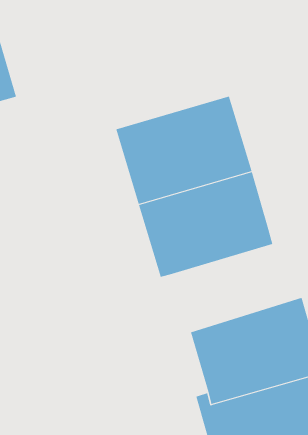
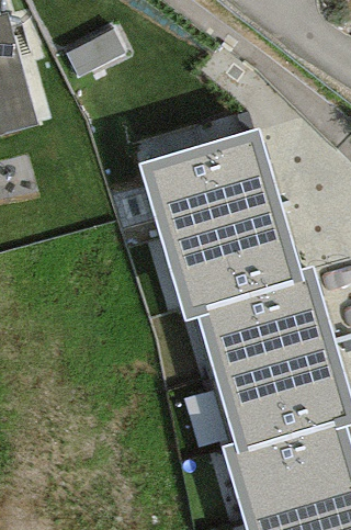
building: none -> [196,263,333,376]

